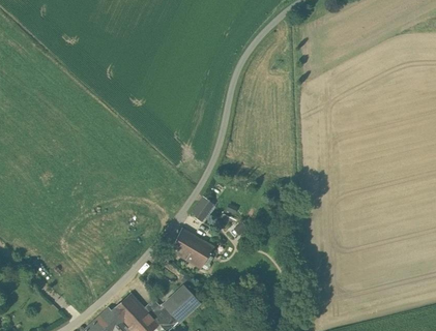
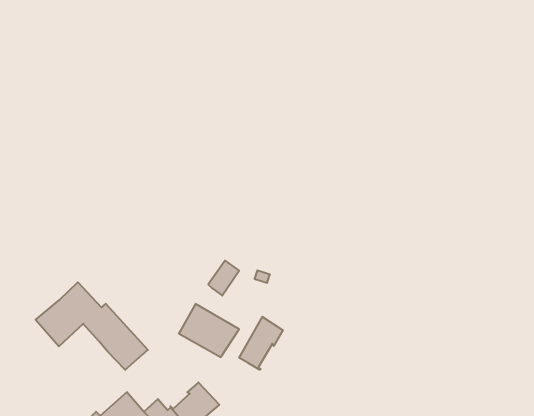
building: none -> [36,282,148,370]
building: none -> [239,317,283,370]

